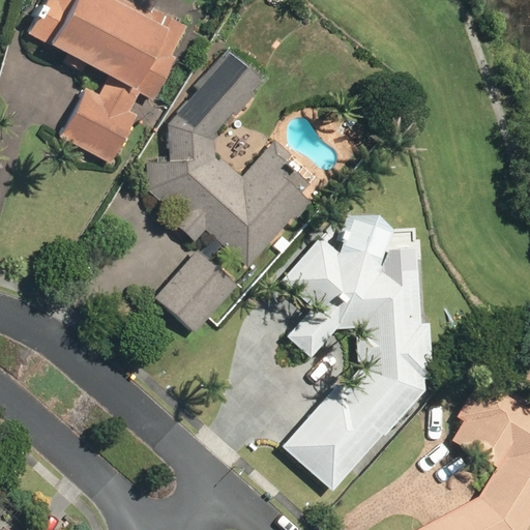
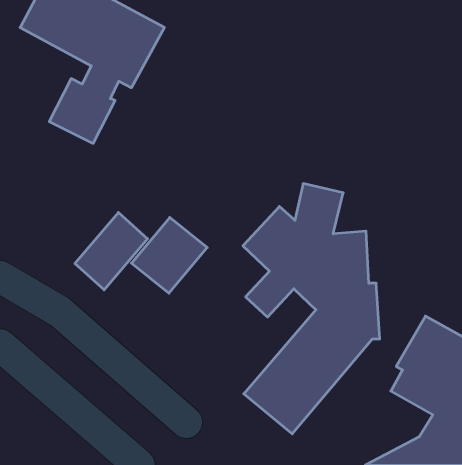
building: [138,46,322,267] -> none
building: none -> [75,212,148,290]

